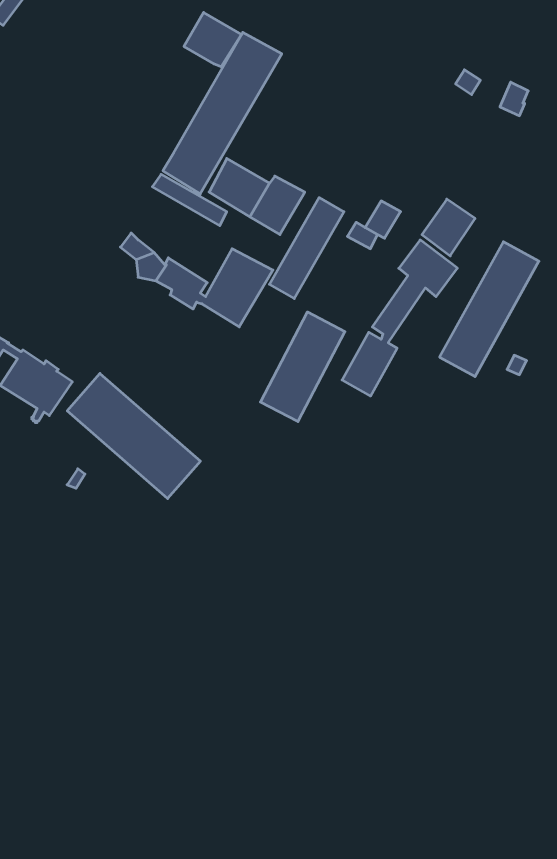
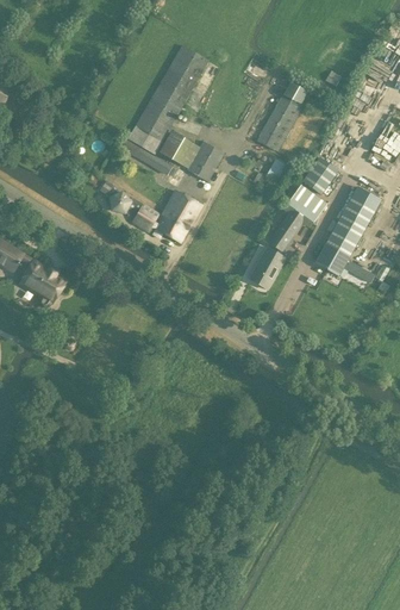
building: [184,12,242,67] -> none
building: [269,198,344,299] -> [256,81,306,149]
building: [260,312,345,422] -> none
building: [67,373,200,499] -> none

